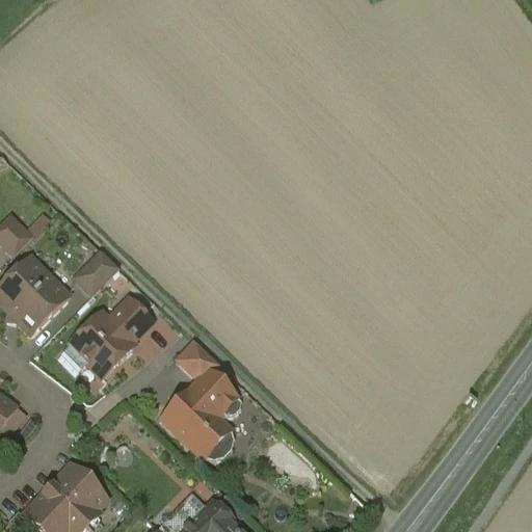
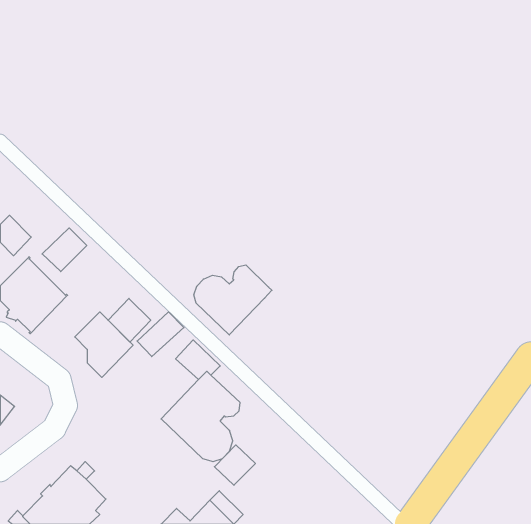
building: [74,250,118,294] -> [42,228,87,272]
building: none -> [194,265,272,335]
building: [60,337,87,371] -> none
building: none -> [214,445,255,485]

